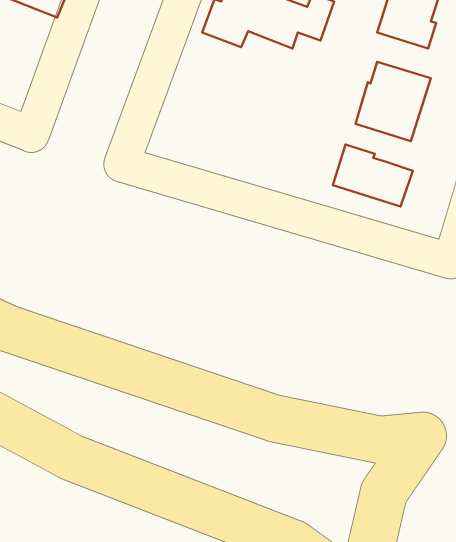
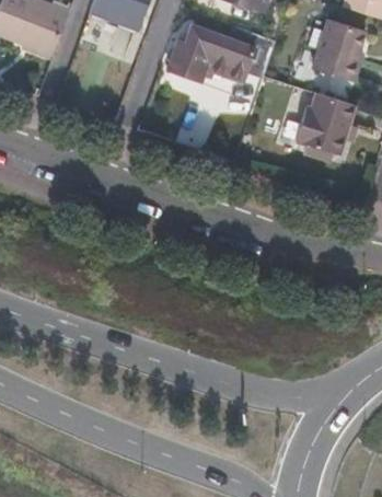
building: [333,145,413,206] -> none

